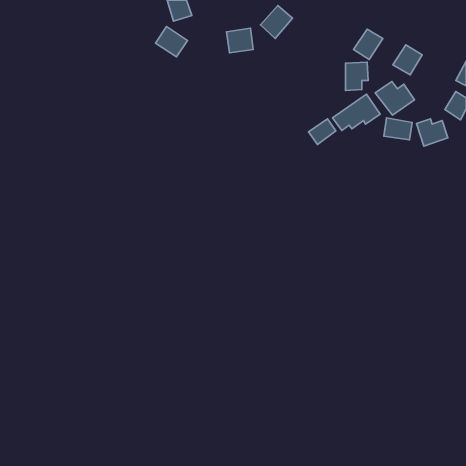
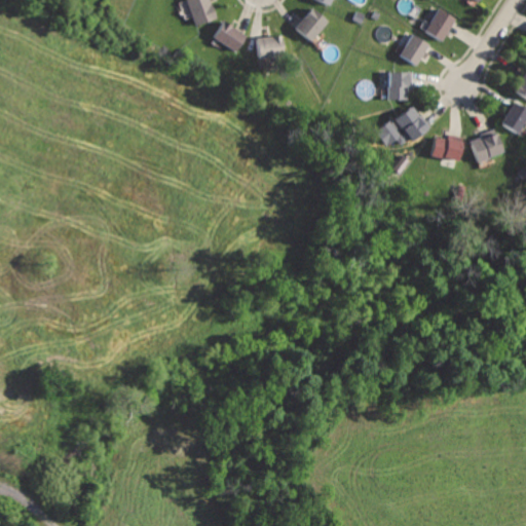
building: [155,27,187,57] -> [213,18,249,52]
building: [393,45,422,75] -> [424,7,457,41]
building: [375,81,415,115] -> none
building: [309,119,336,145] -> none

